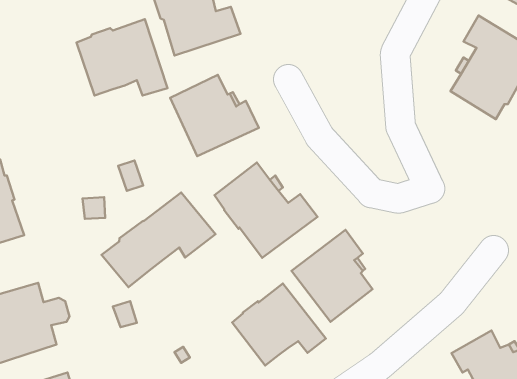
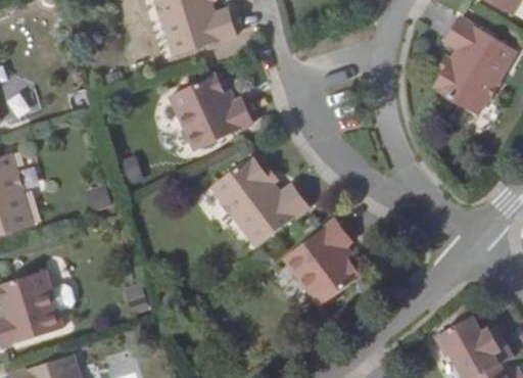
building: [77,19,167,96] -> none
building: [101,193,215,287] -> none
building: [232,284,326,366] -> none

